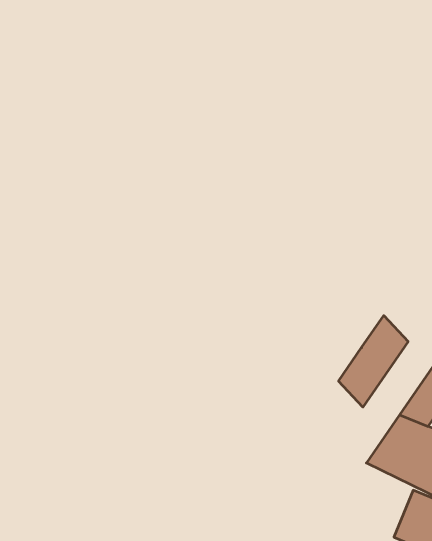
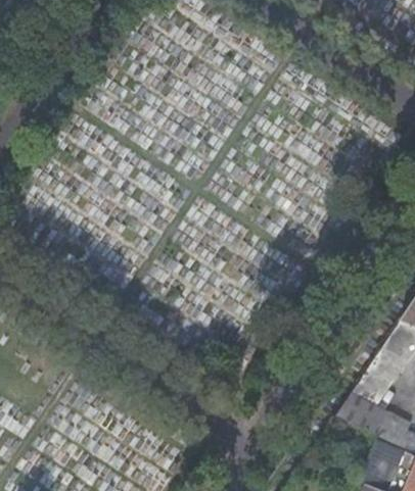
building: [339,316,408,407] -> none

